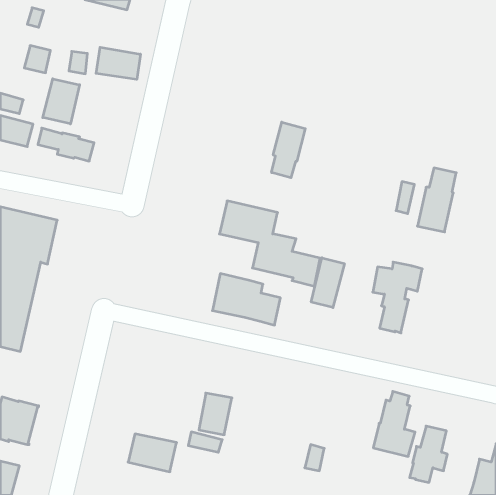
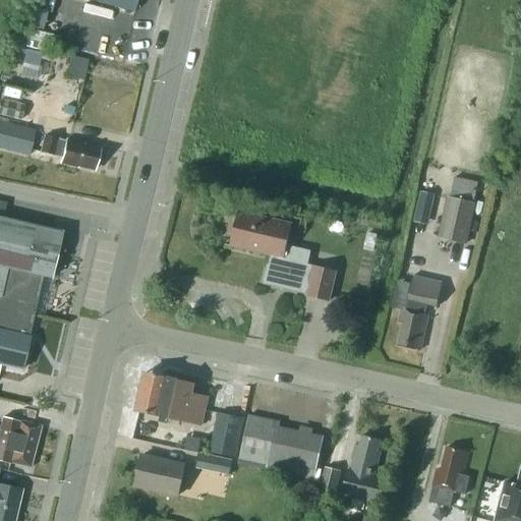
building: [96,47,140,79] -> none
building: [43,79,80,124] -> none
building: [272,122,305,178] -> none
building: [311,258,344,308] -> none
building: [212,274,280,325] -> [136,371,208,425]
building: [373,391,415,456] -> [342,435,386,503]
building: none -> [238,414,324,478]

